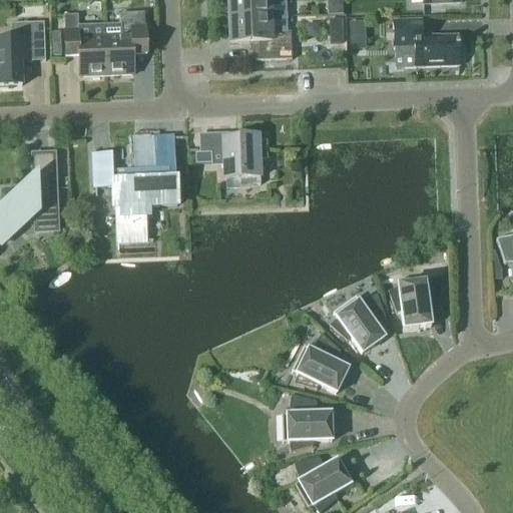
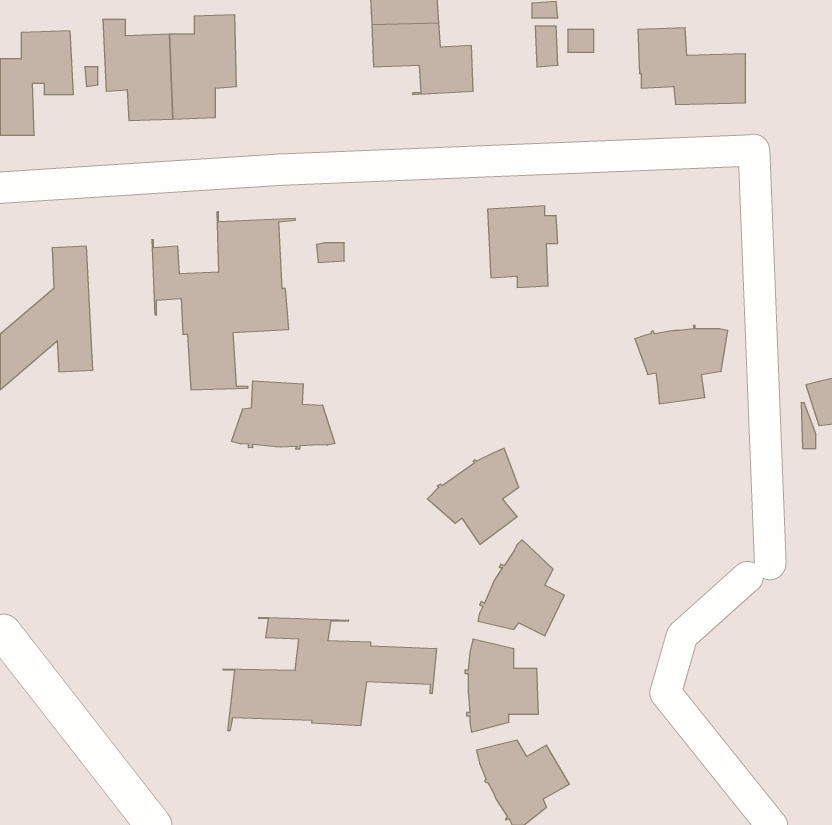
building: [223,132,267,182] -> [488,206,558,288]
building: none -> [232,381,335,449]
building: [388,281,445,329] -> [635,326,728,404]
building: [330,293,386,352] -> [427,448,519,544]
building: none -> [223,617,436,731]

